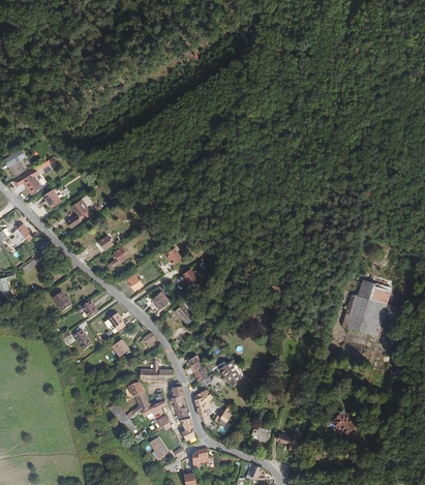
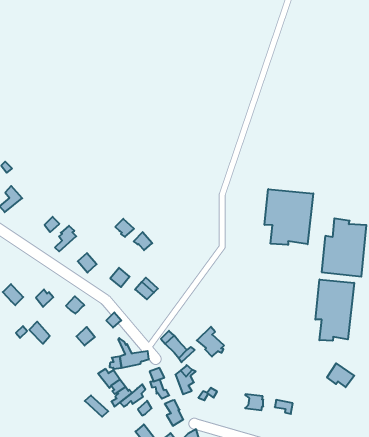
building: none -> [265,189,313,245]
building: none -> [315,279,354,341]

